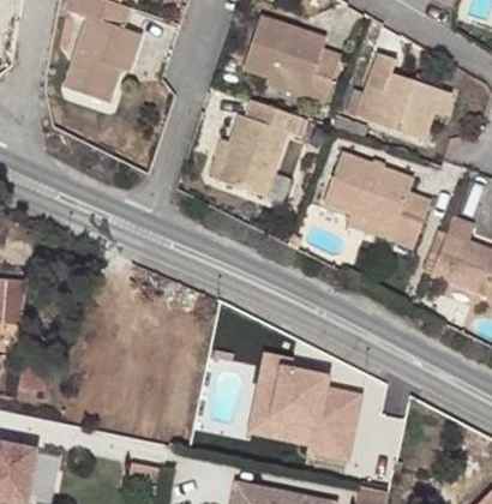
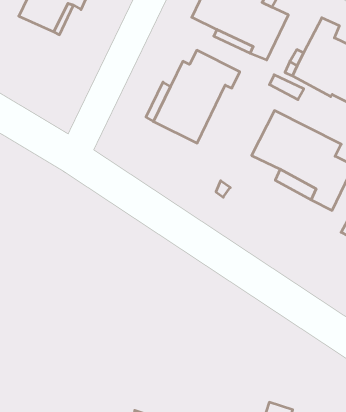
building: [250,349,370,455] -> none

